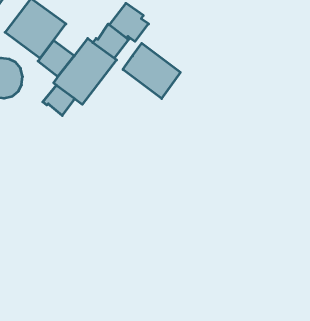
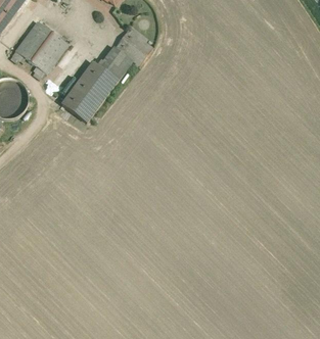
building: [123,43,180,99] -> none
building: [43,85,75,116] -> none

